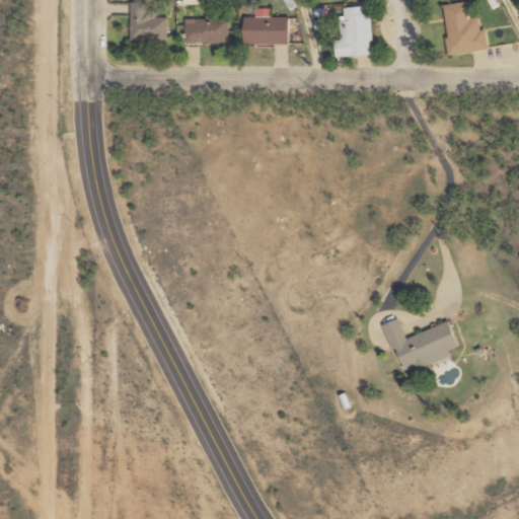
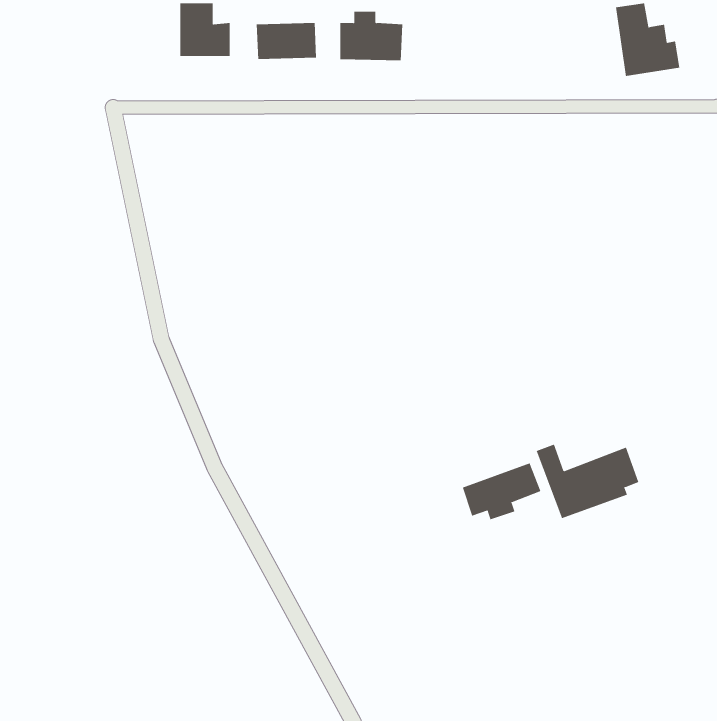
building: [333,7,372,59] -> none
building: none -> [462,463,541,520]

